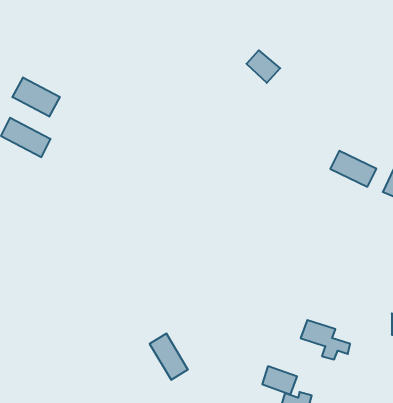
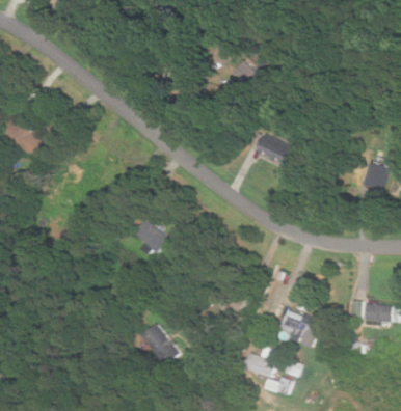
building: [12,77,60,117] -> none
building: [330,151,376,187] -> [257,134,299,167]
building: none -> [129,218,165,253]

